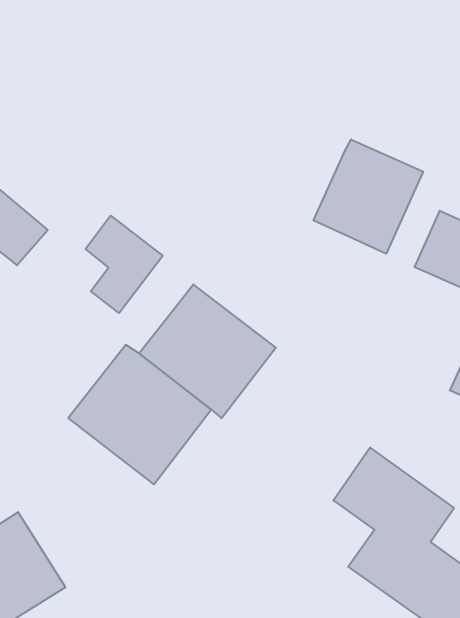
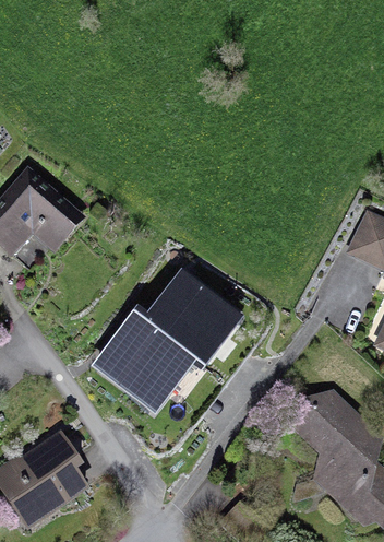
building: [314,139,423,254] -> none
building: [86,216,163,313] -> none

